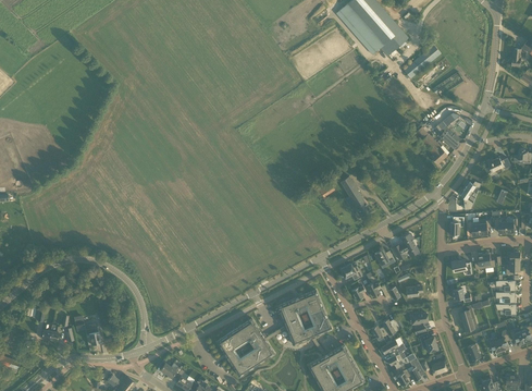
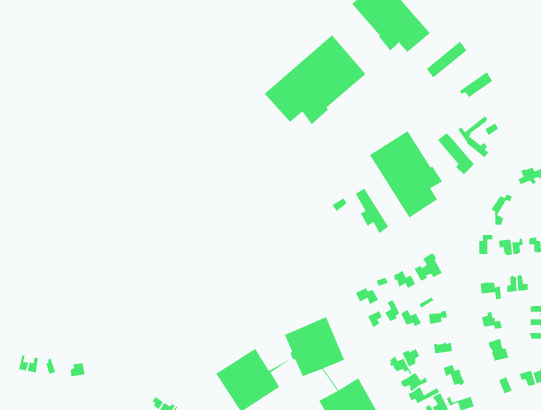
building: none -> [264,34,367,125]
building: none -> [369,130,443,218]

